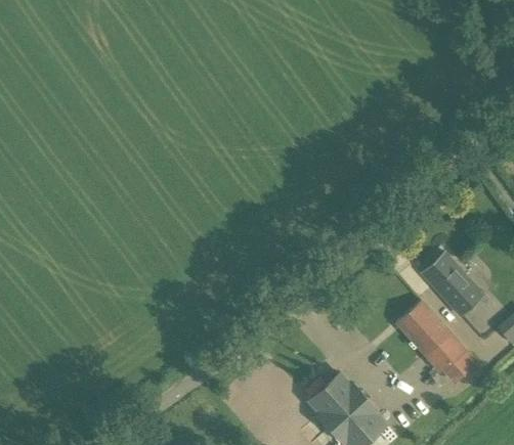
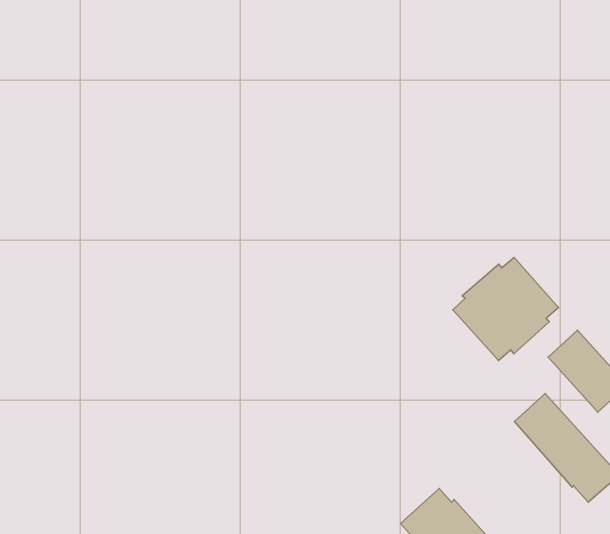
building: none -> [453,257,558,360]

